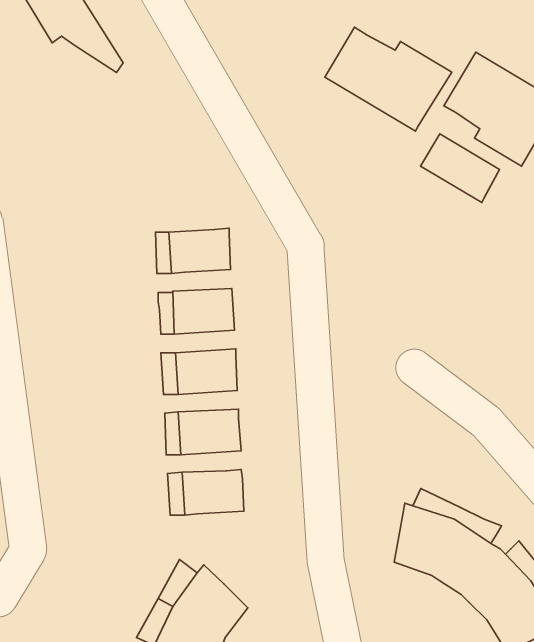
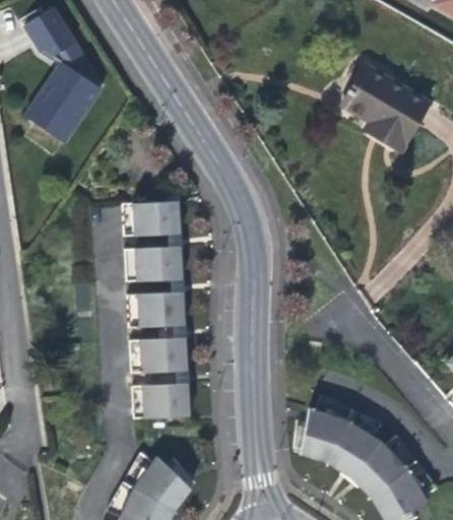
building: [325,27,452,131] -> none
building: none -> [25,62,99,143]
building: [421,134,500,203] -> none

